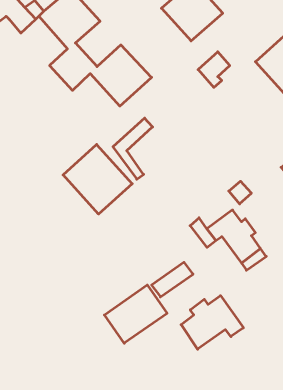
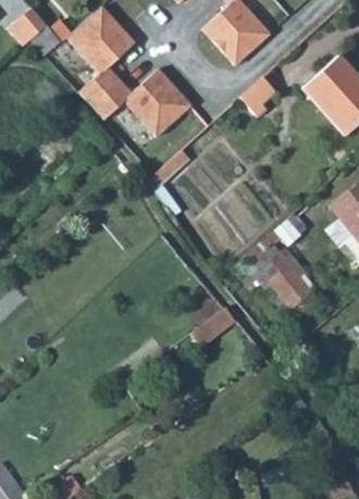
building: [63,144,132,214] -> none
building: [104,285,167,343] -> none
building: [181,296,243,349] -> none

